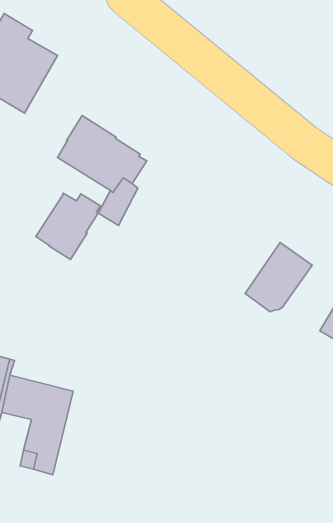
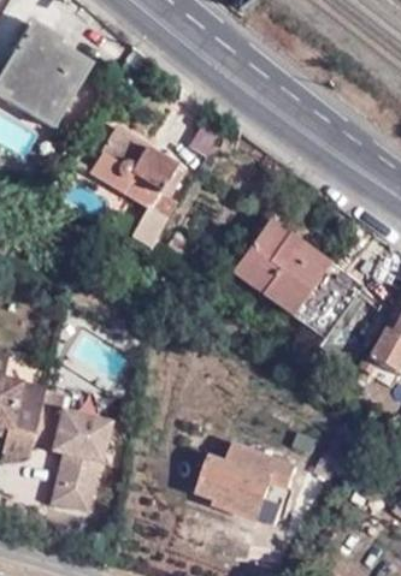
building: [36,193,101,260] -> none
building: none -> [228,218,326,315]
building: none -> [199,445,295,525]

